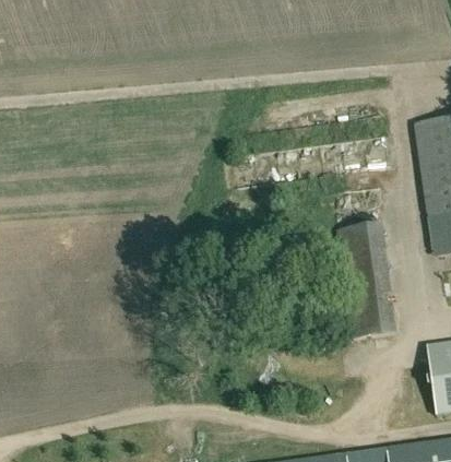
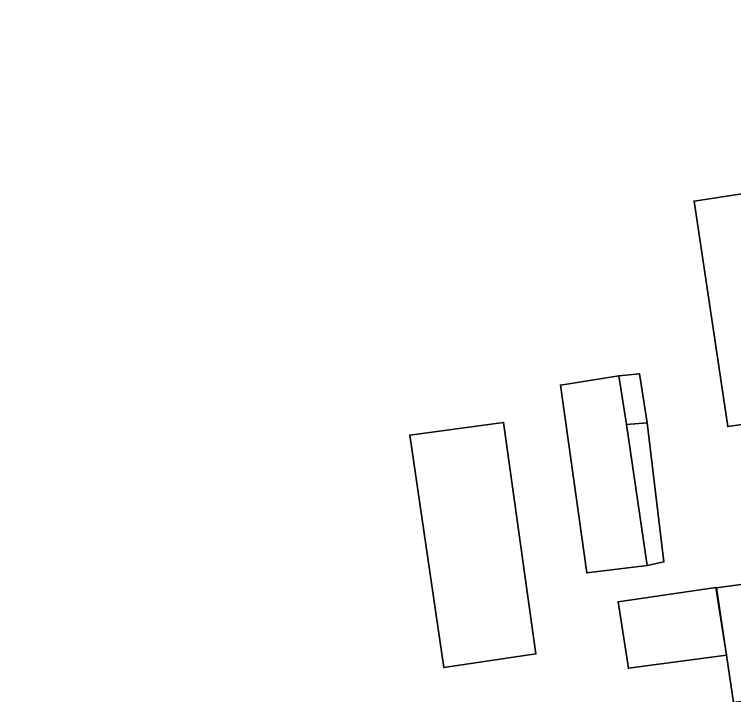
building: none -> [410,423,536,668]
building: none -> [618,588,726,668]

